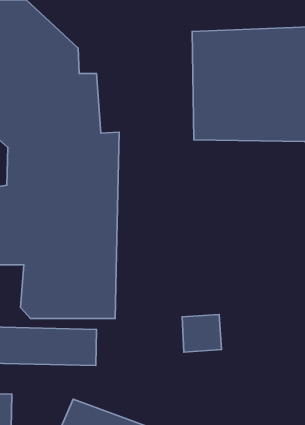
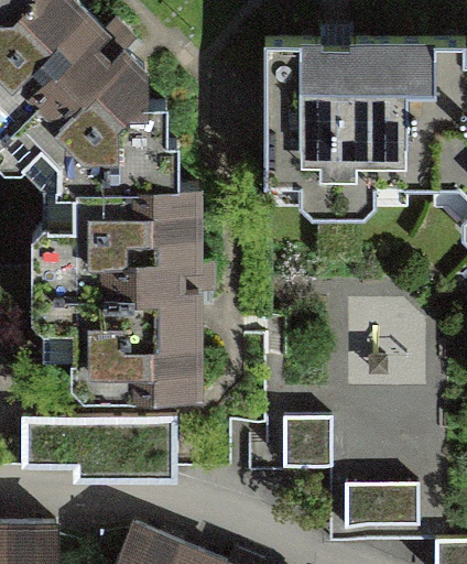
building: none -> [344,479,422,534]

